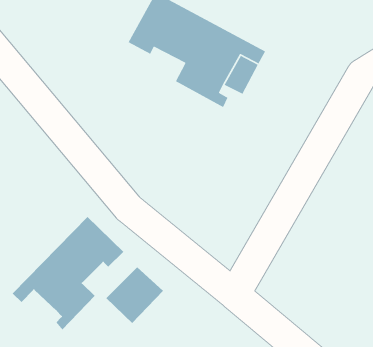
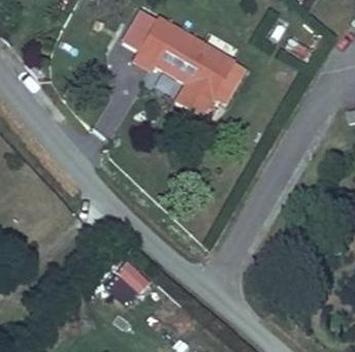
building: [12,216,124,330] -> none

